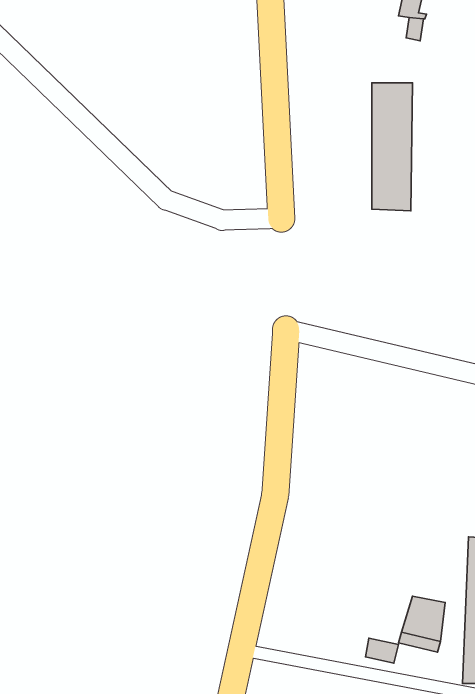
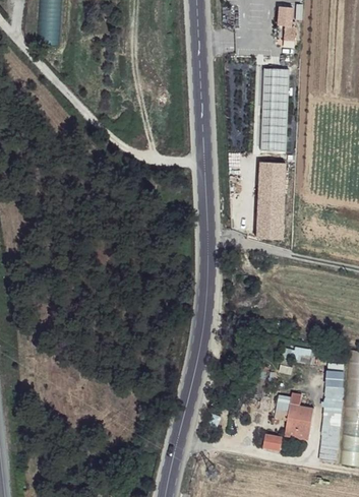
building: none -> [257,162,287,240]

